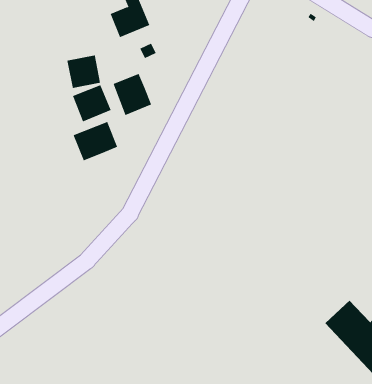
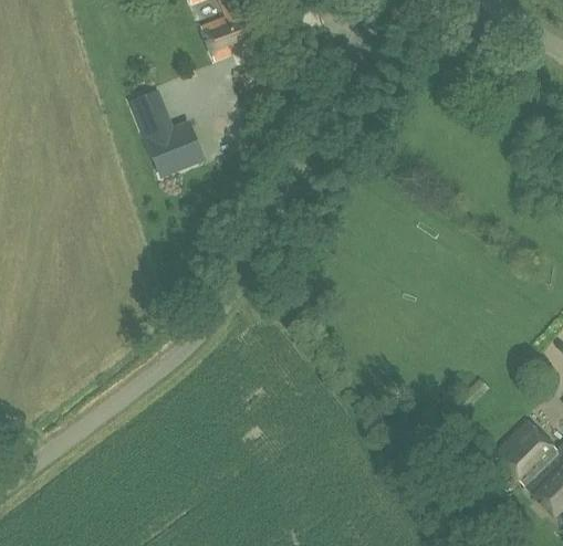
building: [113,73,152,116] -> none
building: [73,121,118,161] -> none

